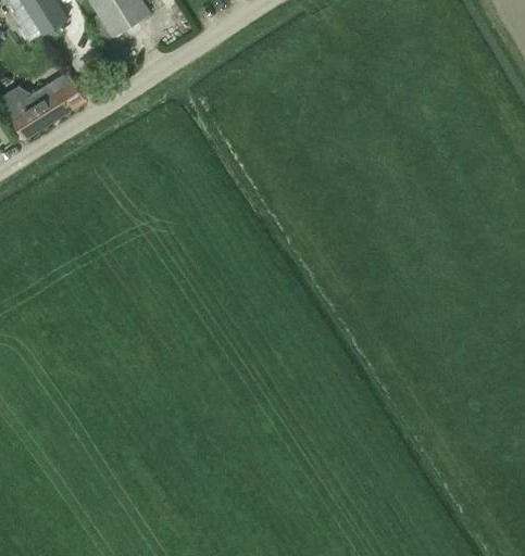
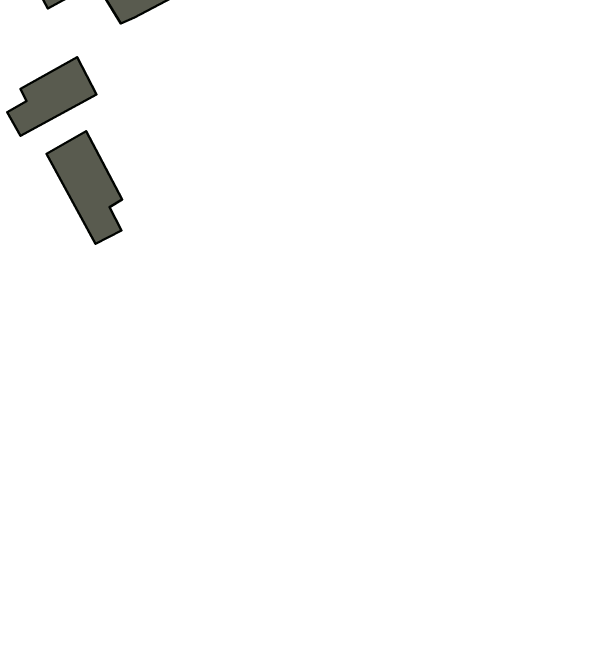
building: none -> [47,131,122,244]

